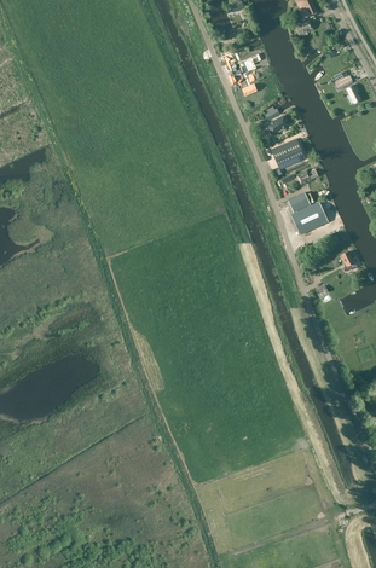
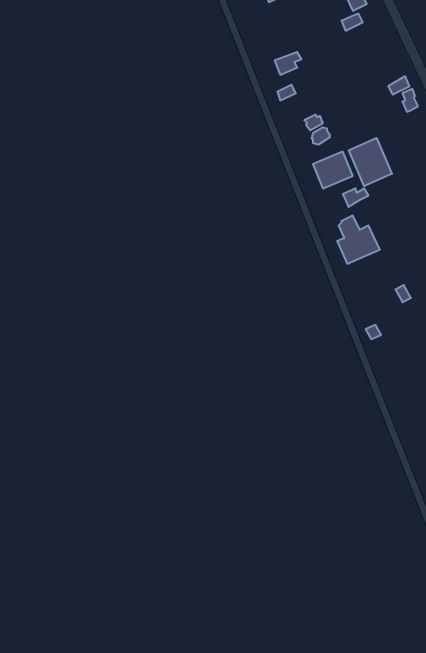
building: none -> [349,138,392,186]

